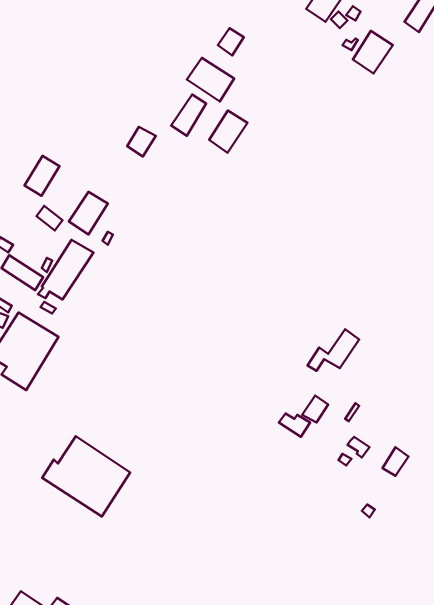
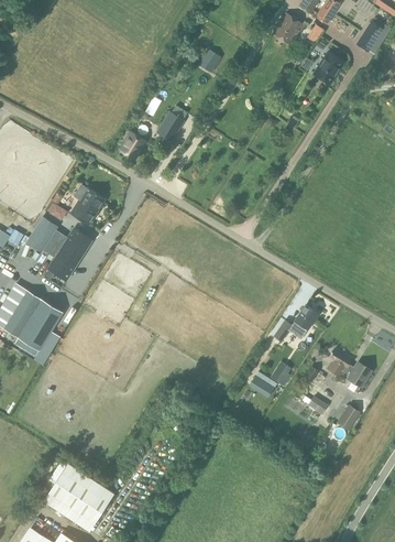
building: [187,58,234,102] -> none
building: [209,111,247,153] -> none
building: [25,156,60,196] -> [28,218,57,252]
building: none -> [326,349,372,388]
building: [42,436,130,517] -> [39,463,113,531]

